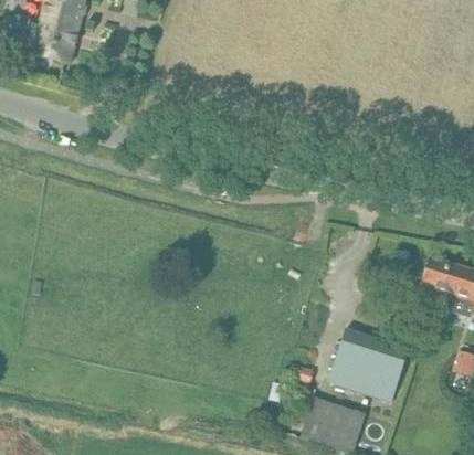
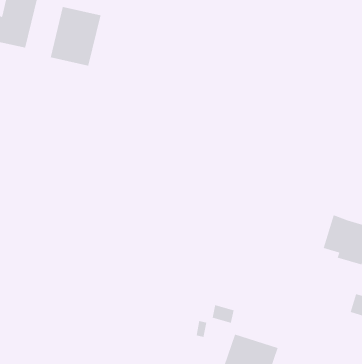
building: none -> [50,6,101,66]
building: [329,329,409,400] -> none

